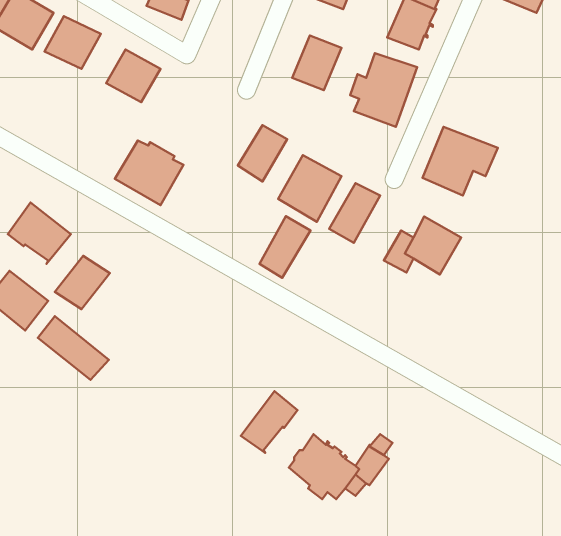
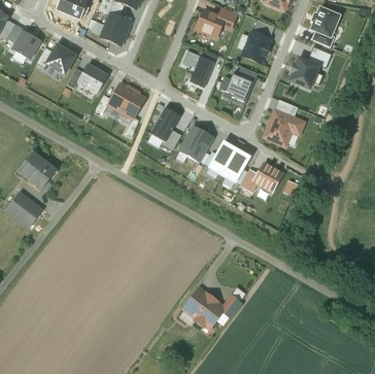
building: none -> [287,56,319,91]
building: [115,140,183,205] -> [106,81,146,120]
building: [259,216,310,278] -> [221,147,251,183]
building: [55,256,110,309] -> none
building: [38,316,109,380] -> none
building: [241,391,297,453] -> none

